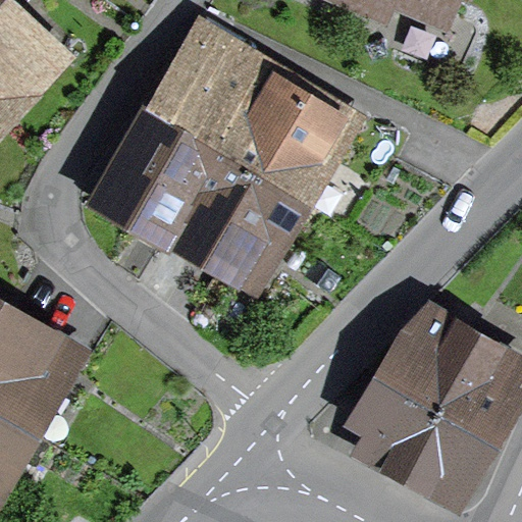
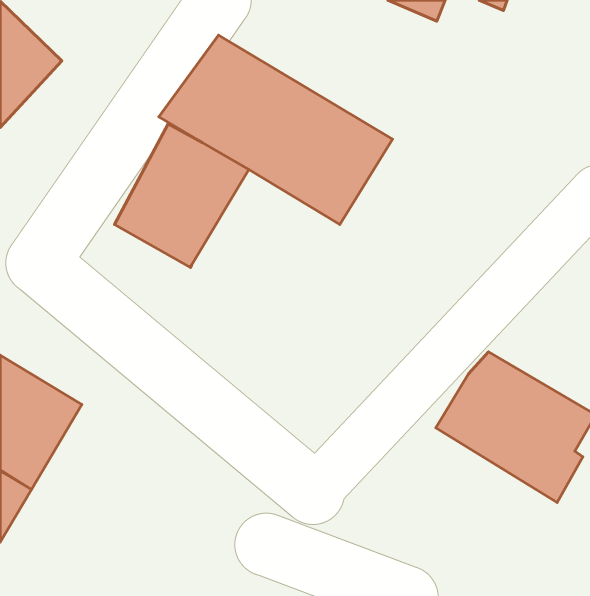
building: [172,149,303,279] -> none
building: [363,374,492,501] -> none

